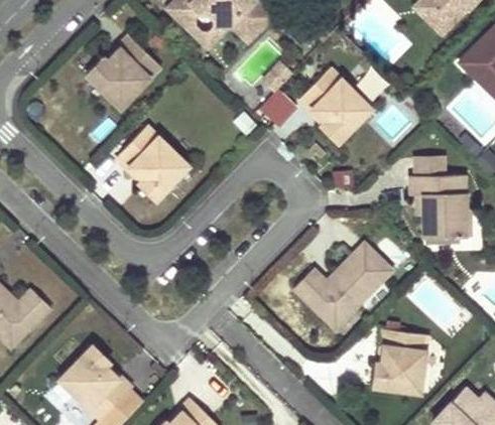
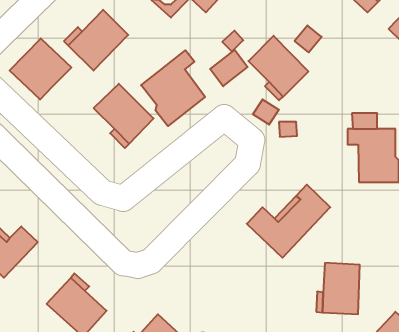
building: none -> [10,38,71,100]
building: none -> [141,50,205,126]

